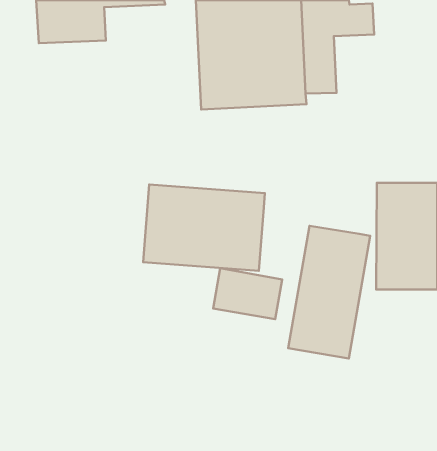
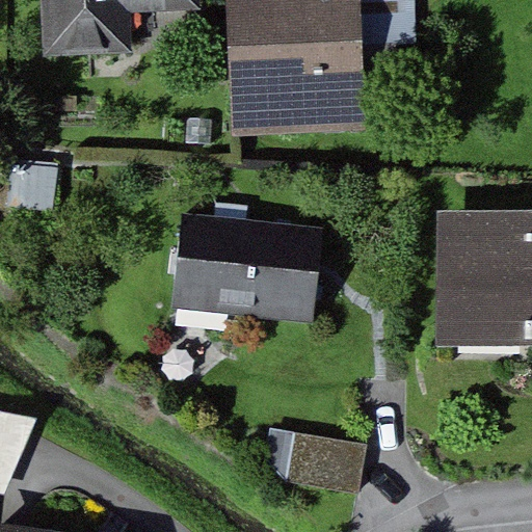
building: [288,226,370,359] -> none
building: [213,268,282,319] -> [284,432,365,493]

